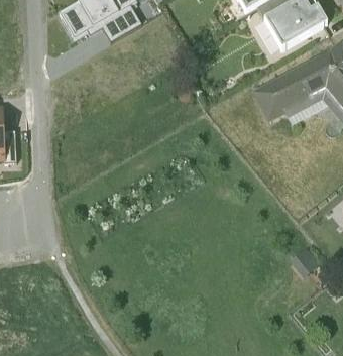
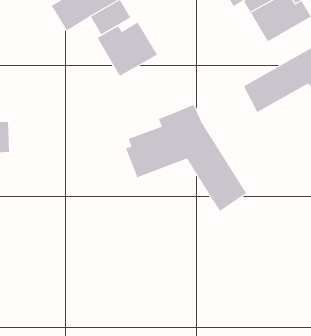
building: none -> [97,22,158,77]
building: none -> [125,104,247,212]

